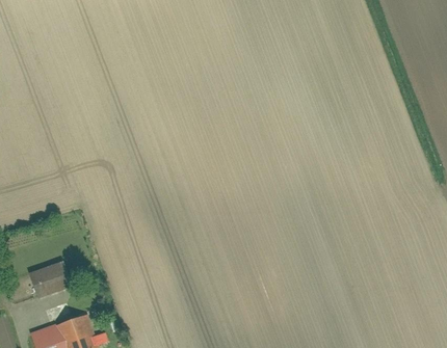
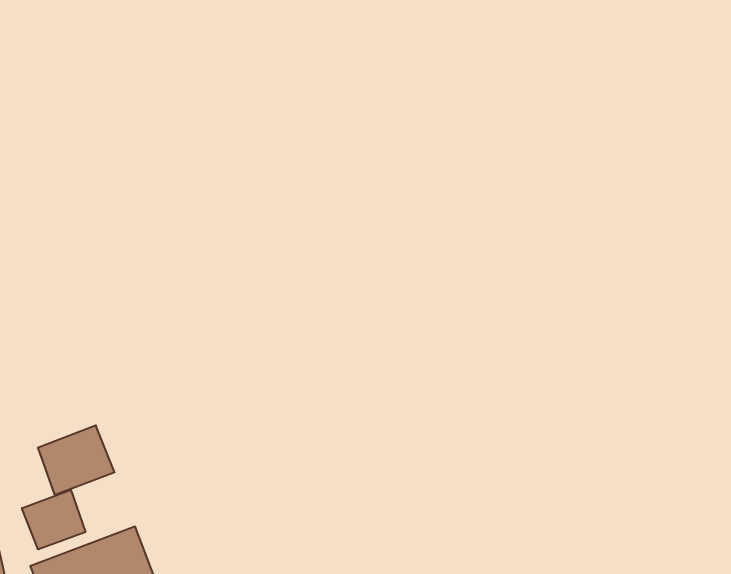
building: none -> [22,490,86,549]

